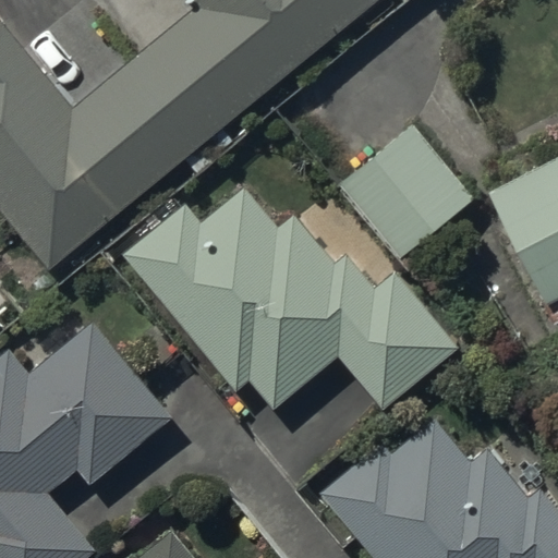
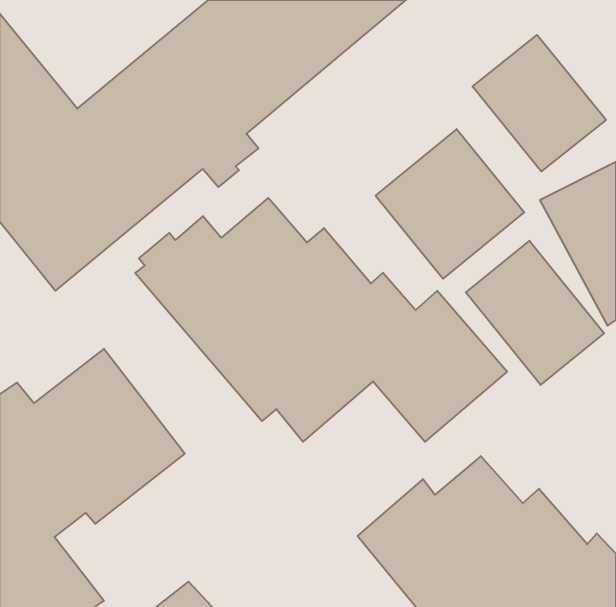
building: none -> [472,35,606,171]
building: none -> [466,241,604,385]

